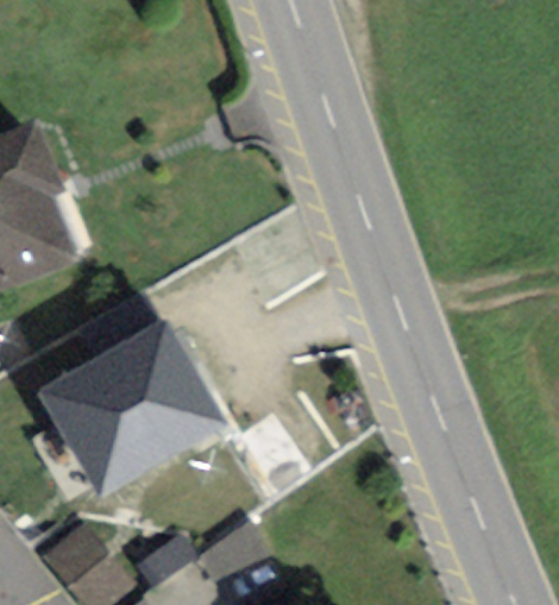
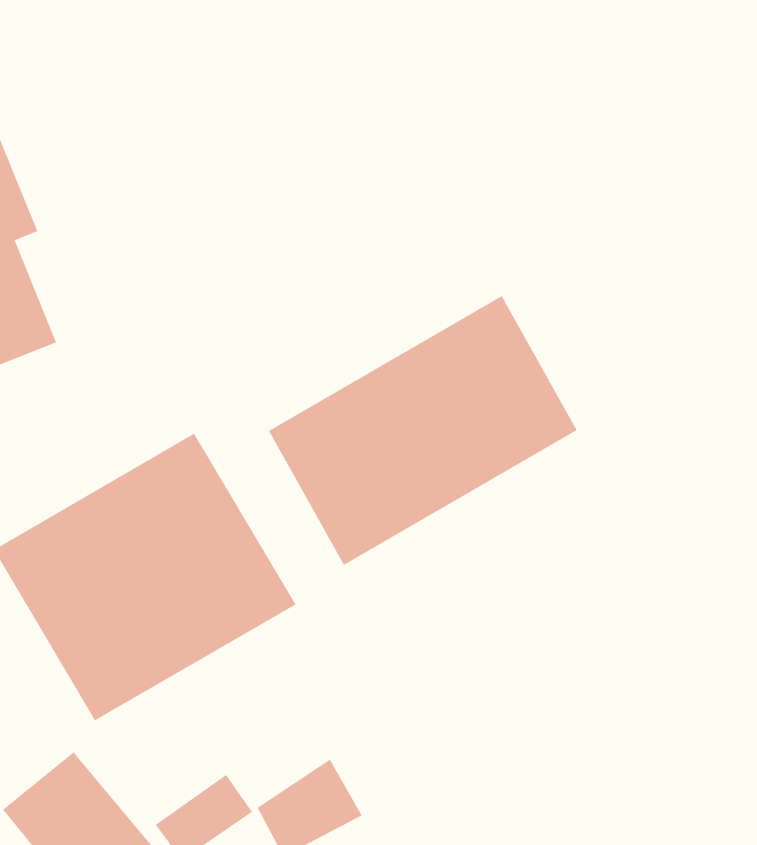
building: none -> [268,295,577,566]

